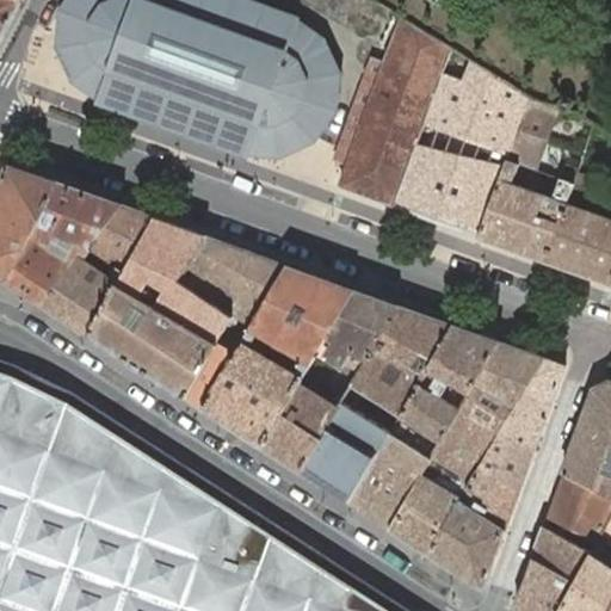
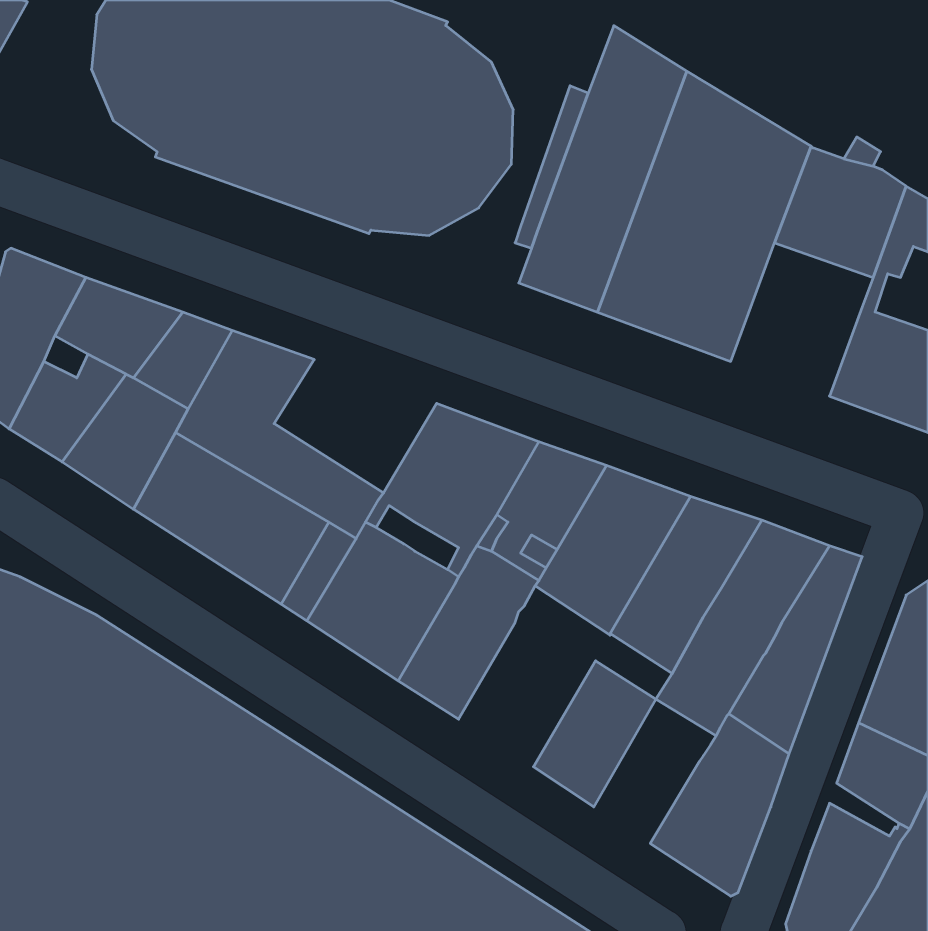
building: [477,160,570,260] -> none
building: [179,236,285,323] -> none
building: [300,384,399,502] -> none
building: [388,458,468,553] -> none

